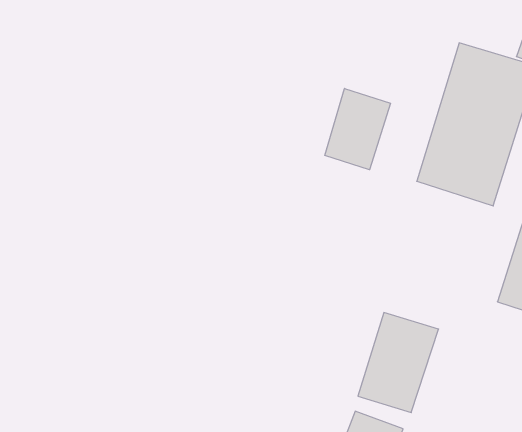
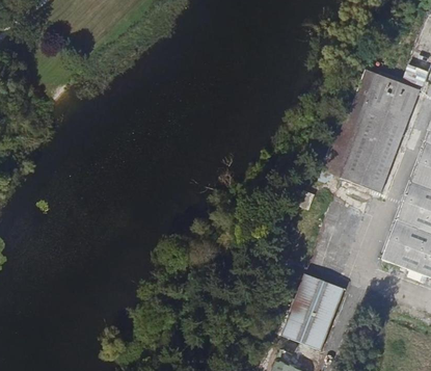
building: [325,88,390,170] -> none

